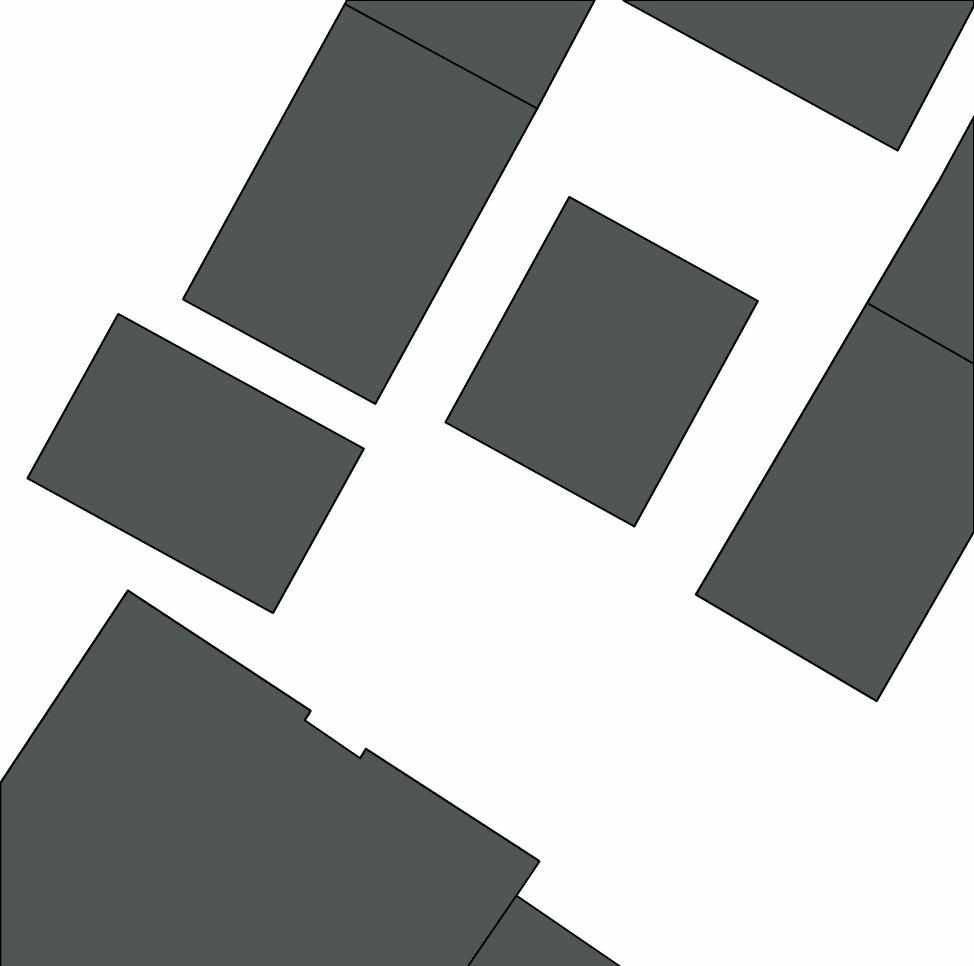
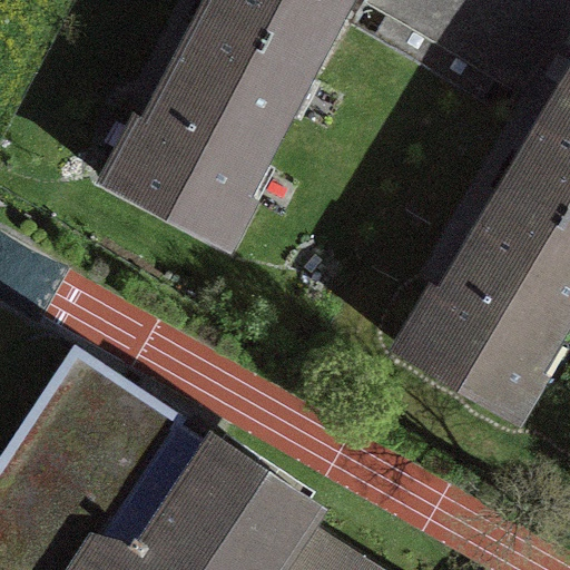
building: [446,197,758,527] -> none
building: [28,314,364,613] -> none

